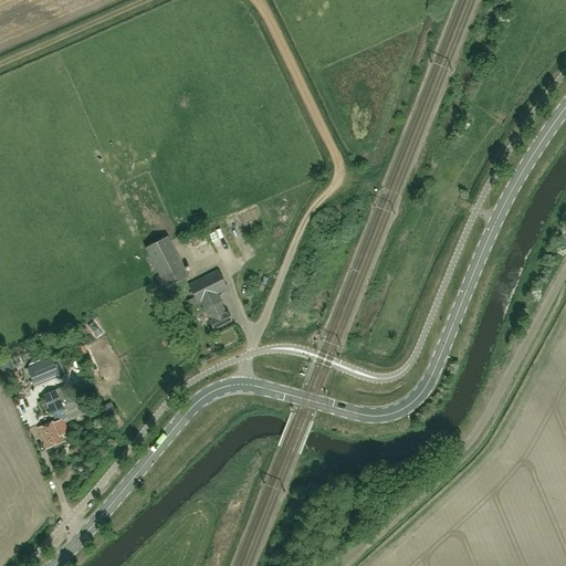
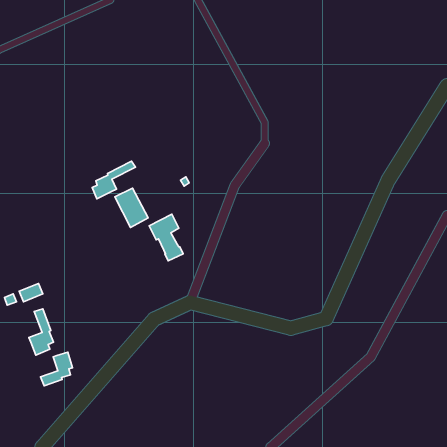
building: none -> [92,161,135,199]
building: none -> [41,352,72,386]

